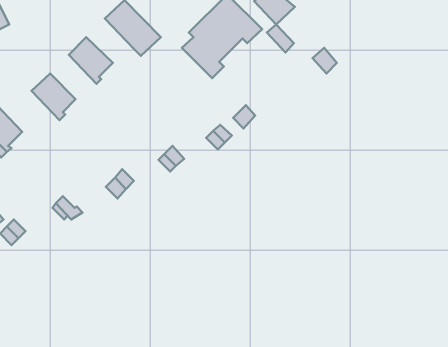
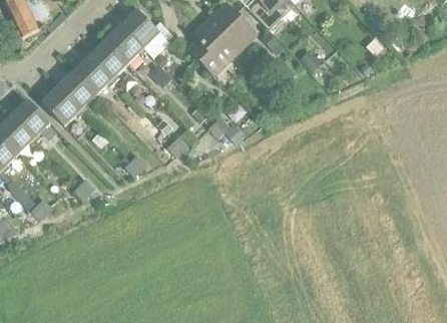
building: none -> [104,24,145,62]
building: none -> [73,55,113,93]
building: none -> [41,86,81,124]

